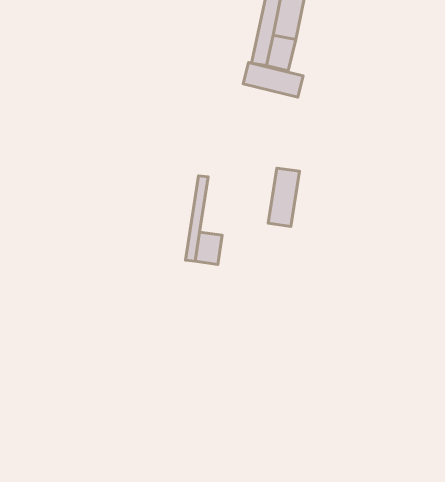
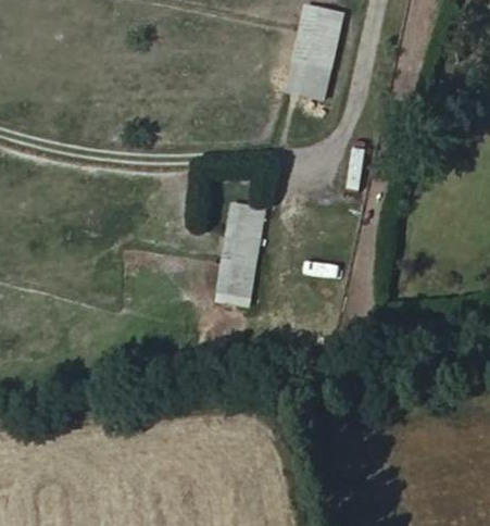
building: [243,63,303,97] -> none
building: [268,168,299,226] -> [229,209,261,267]

